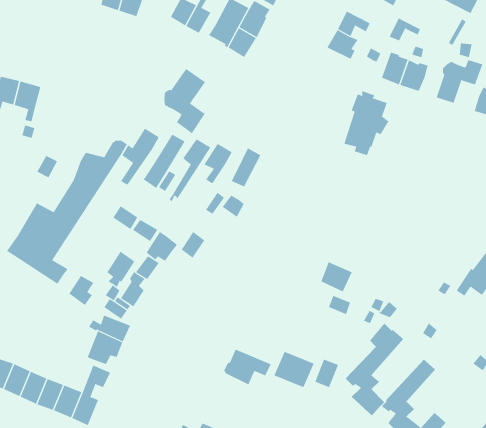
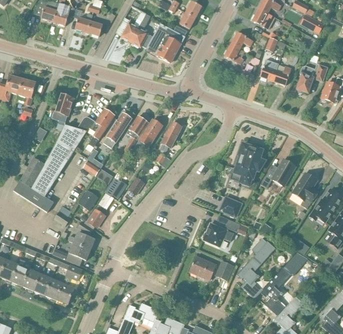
building: [164,68,206,134] -> none
building: [343,91,390,156] -> [233,142,264,185]
building: none -> [52,94,73,130]
building: none -> [260,159,295,188]
building: none -> [292,172,318,208]
building: [223,349,272,385] -> [202,223,234,247]

